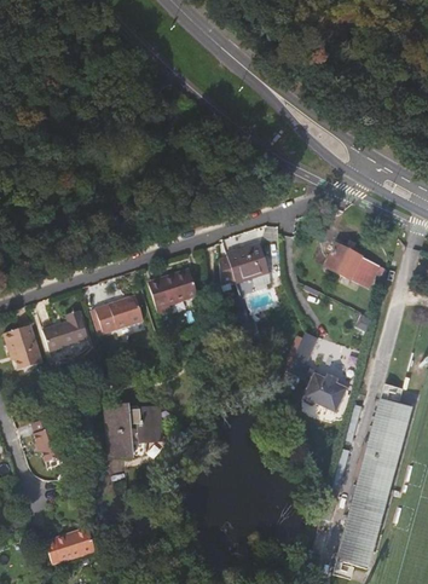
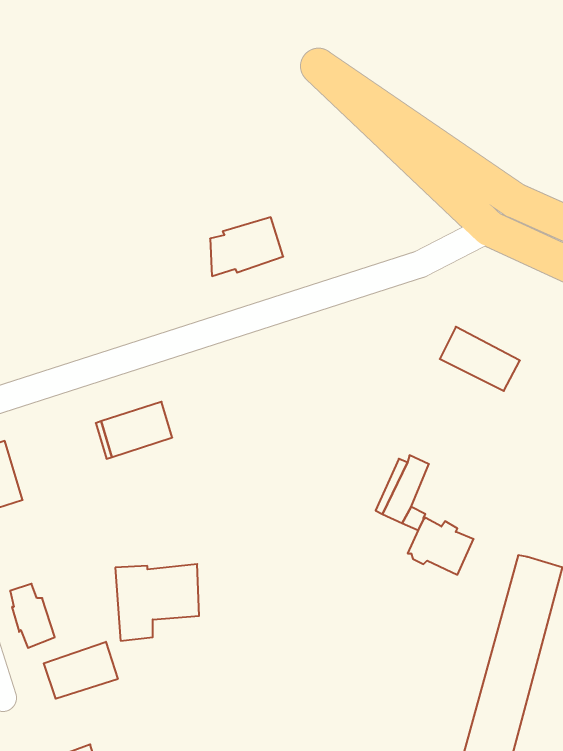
building: [219,244,268,284] -> [210,217,283,276]
building: [149,270,197,316] -> none
building: [42,311,88,351] -> none
building: none -> [44,642,118,699]

